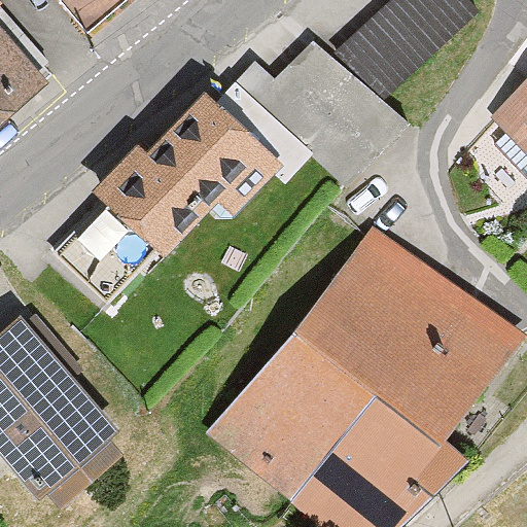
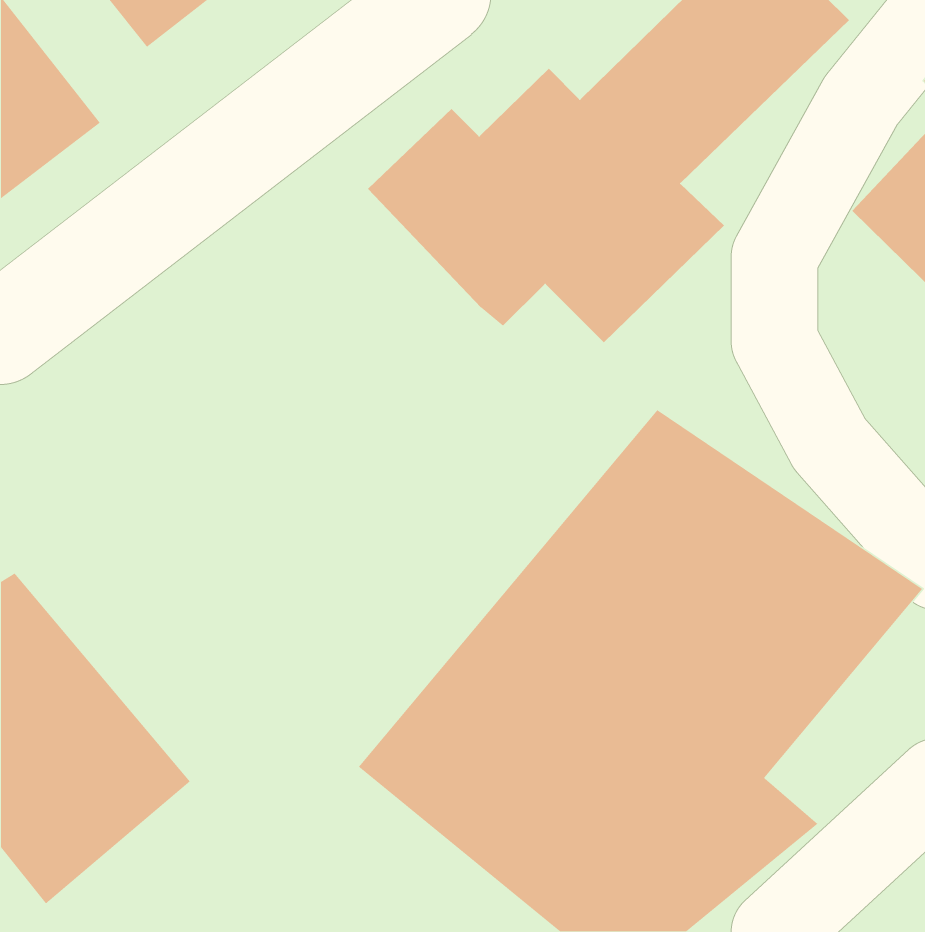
building: [51,94,277,312] -> none

